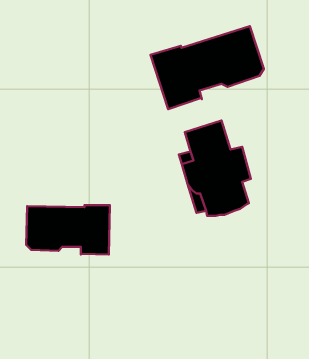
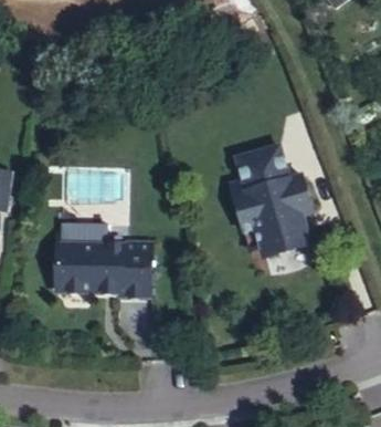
building: [151,26,264,109] -> none

